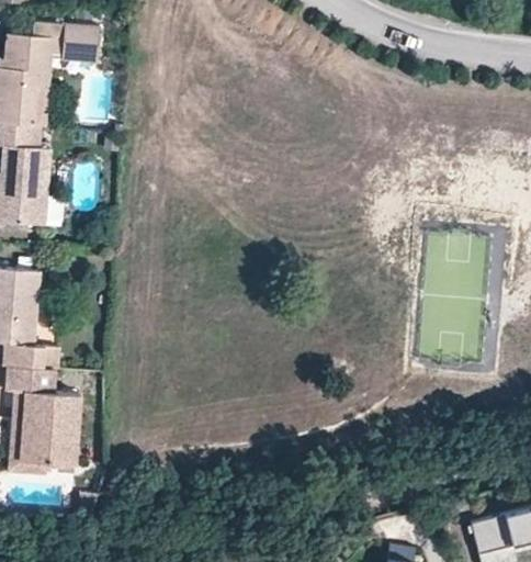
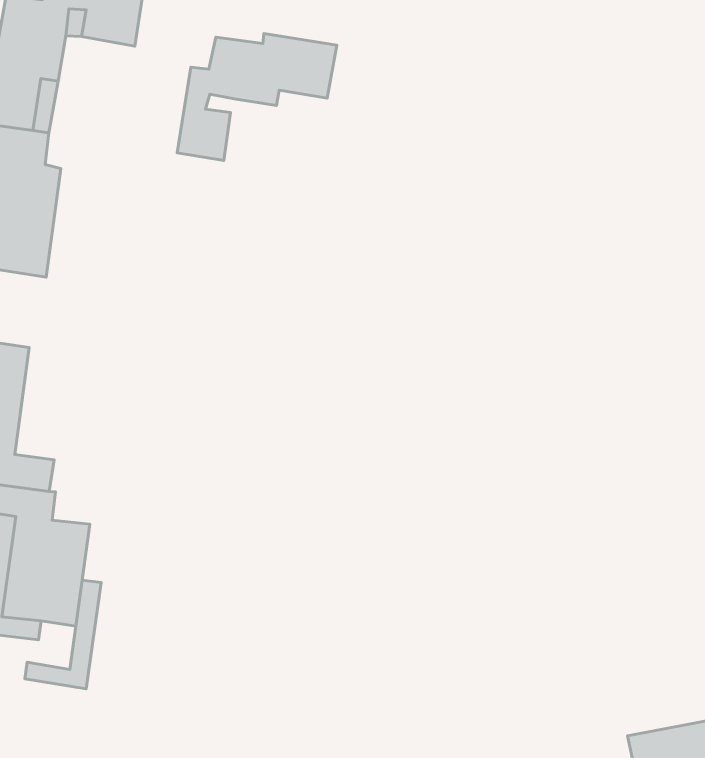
building: none -> [177,34,337,161]
building: none -> [25,580,101,689]

